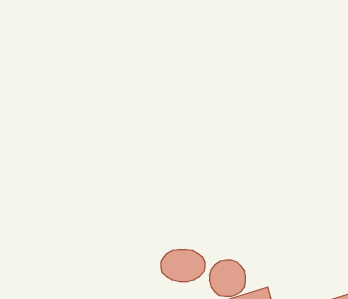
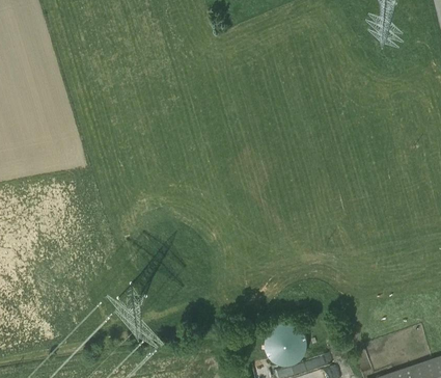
building: [161,249,205,282] -> none

